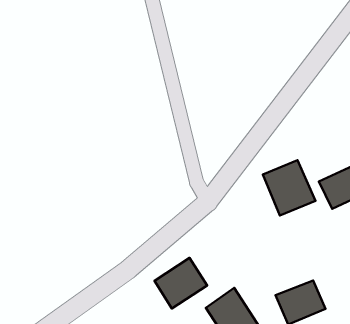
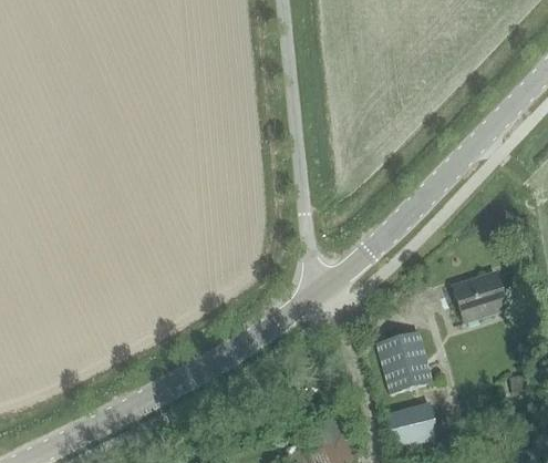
building: [263,160,315,215] -> [375,332,433,394]
building: [155,258,207,308] -> none

